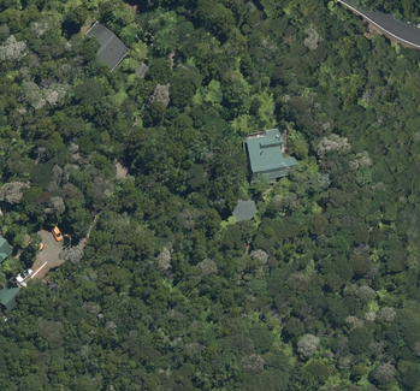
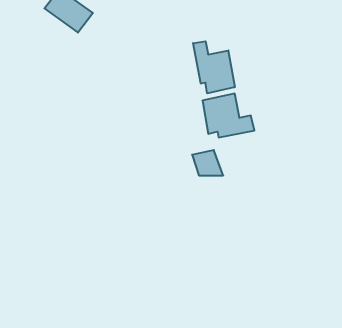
building: none -> [193,41,235,93]

